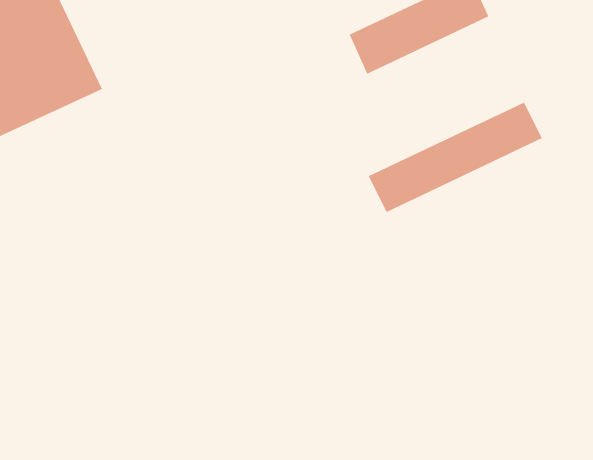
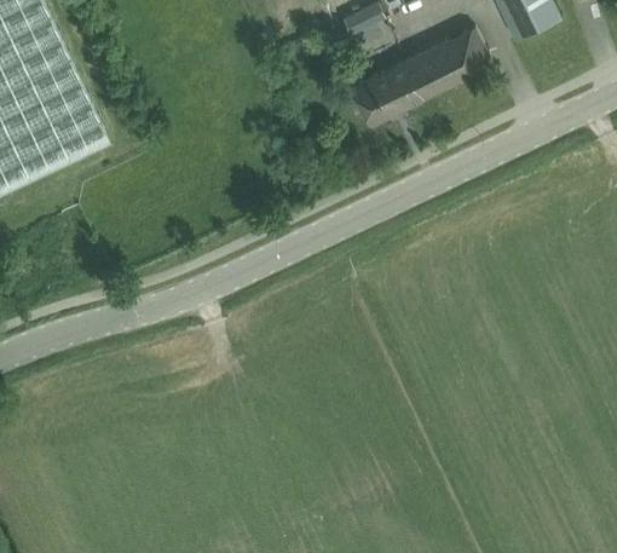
building: [368,102,543,213] -> none

